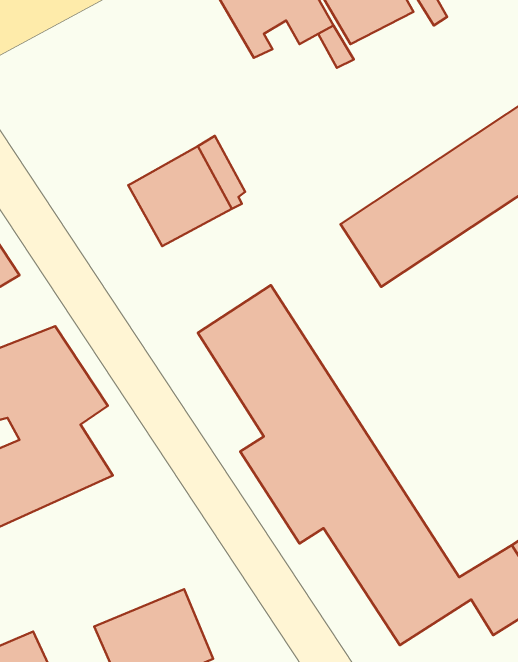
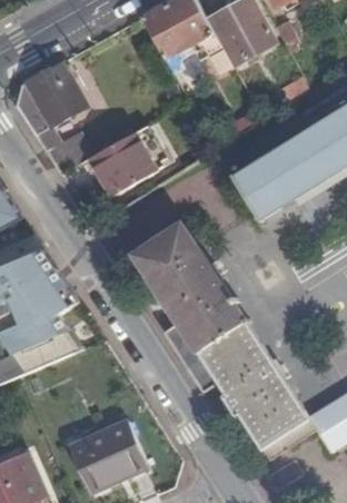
building: none -> [16,60,91,172]

